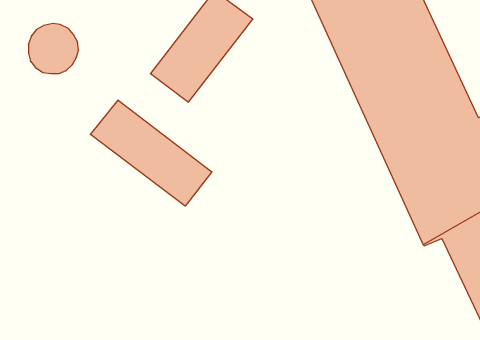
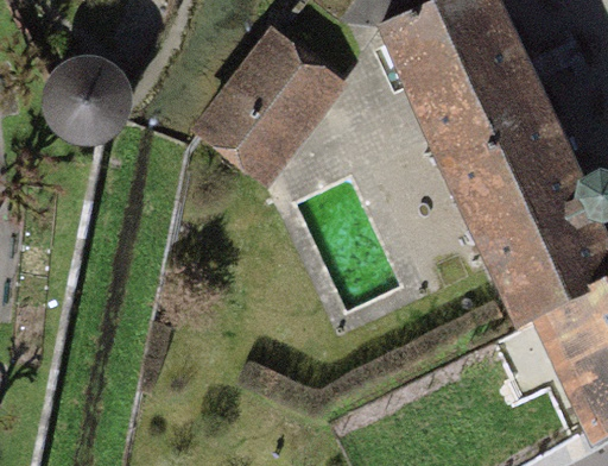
building: [90,100,212,206] -> none

